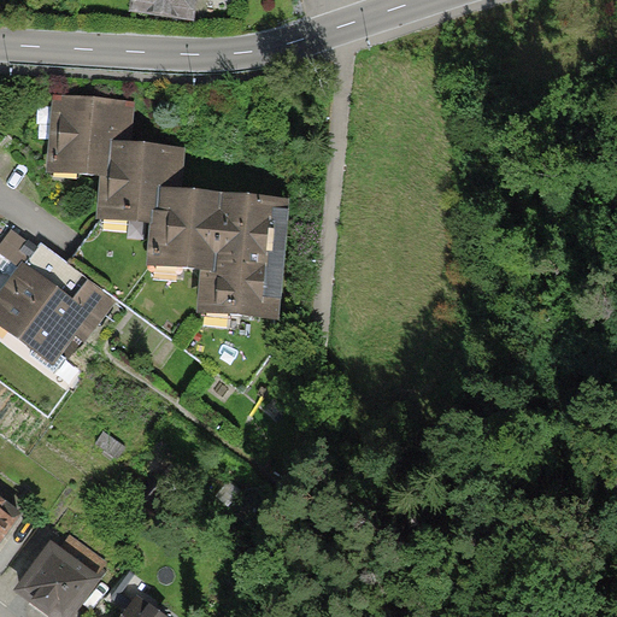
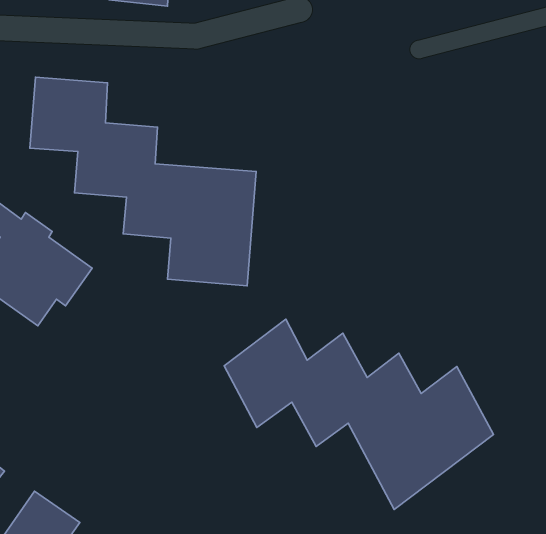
building: none -> [224,319,494,510]

